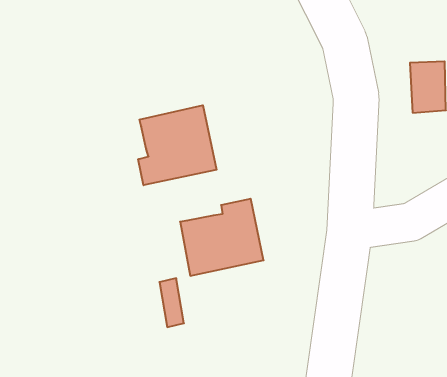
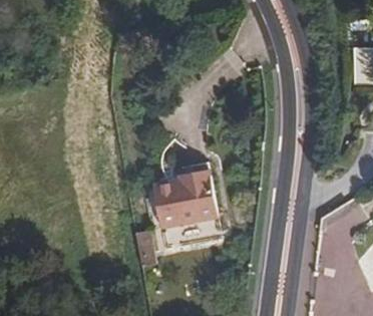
building: [138,105,217,185] -> none

